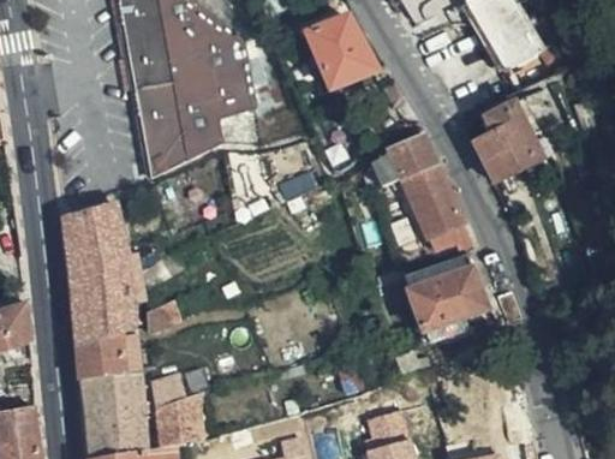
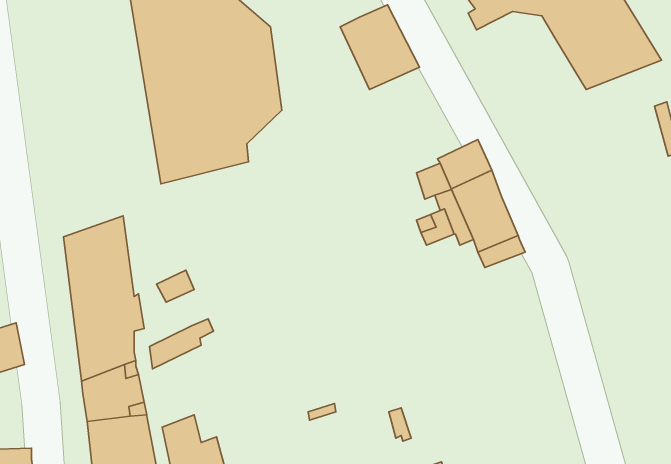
building: [472,100,539,178] -> none
building: [399,256,476,335] -> none

